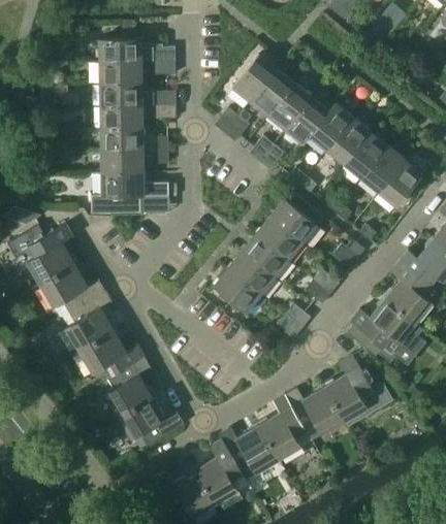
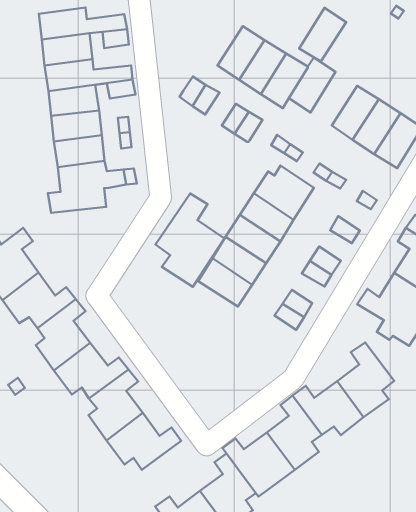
building: [232,55,277,101] -> none
building: [327,118,371,164] -> [299,8,346,62]
building: none -> [155,193,224,287]

